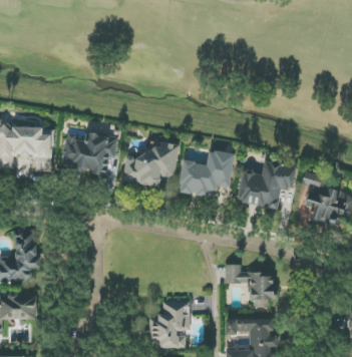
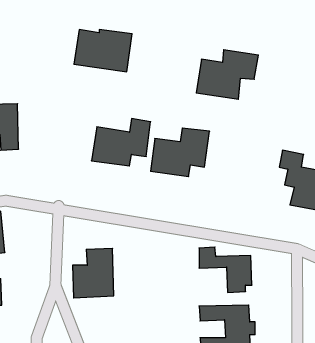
building: [61,133,116,173] -> [74,30,132,72]
building: [238,161,297,209] -> [196,50,258,99]
building: [149,301,189,348] -> [73,248,114,298]

